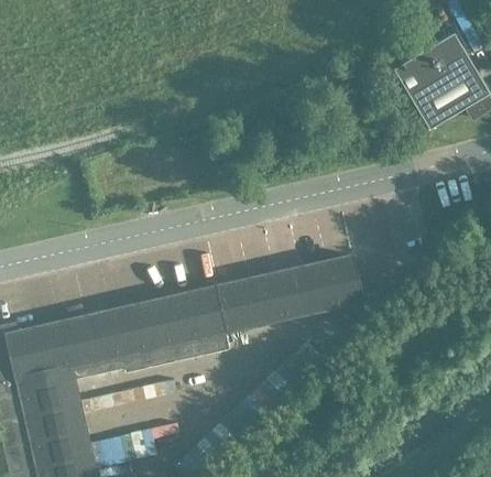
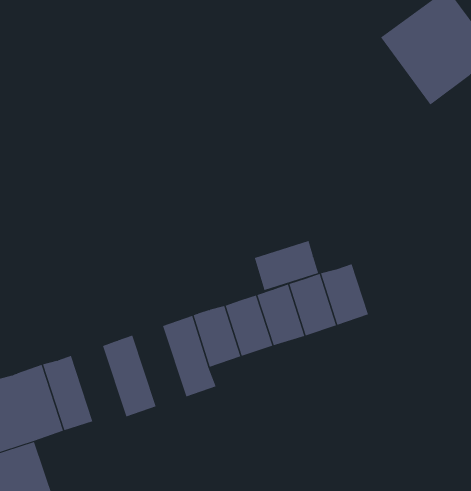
building: none -> [254,240,319,291]
building: [164,292,204,359] -> none
building: [111,304,152,371] -> none

